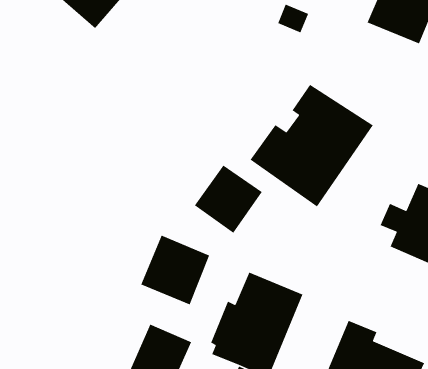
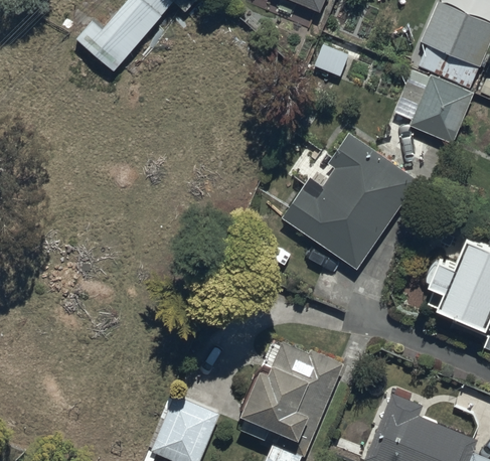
building: none -> [392,65,474,142]
building: [194,165,263,234] -> none
building: [140,235,210,306] -> none

